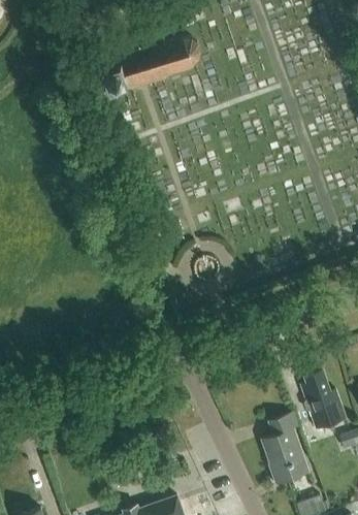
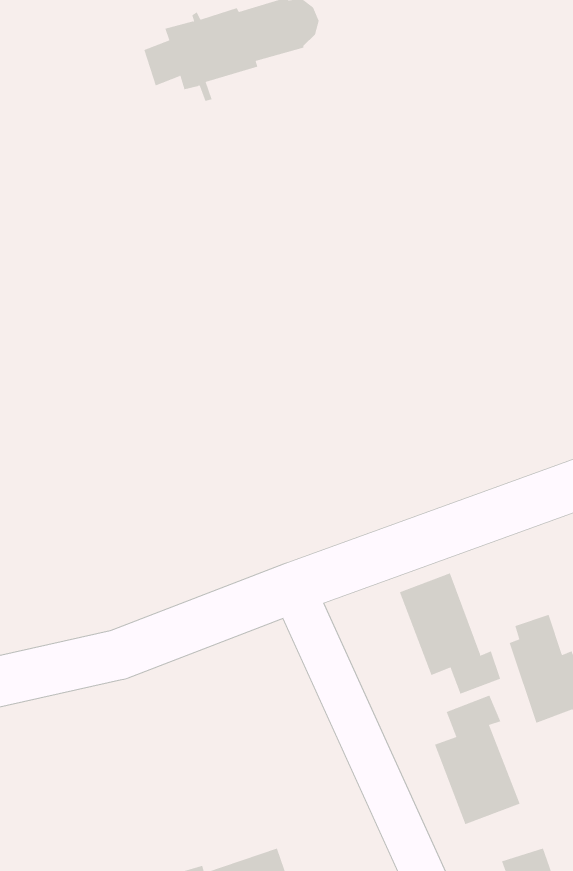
building: none -> [399,572,501,694]

